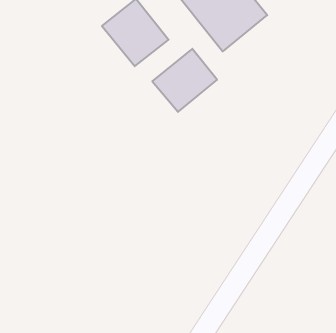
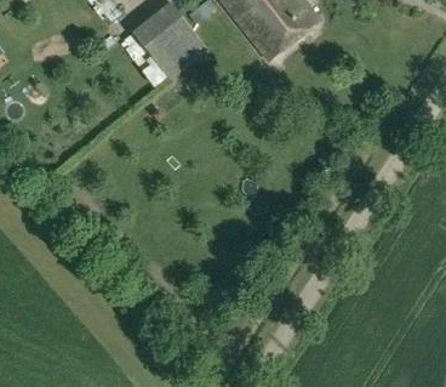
building: [152,49,217,112] -> none

